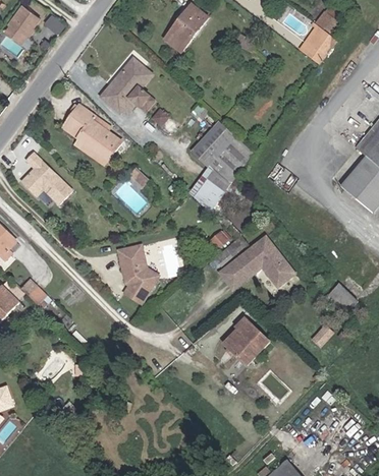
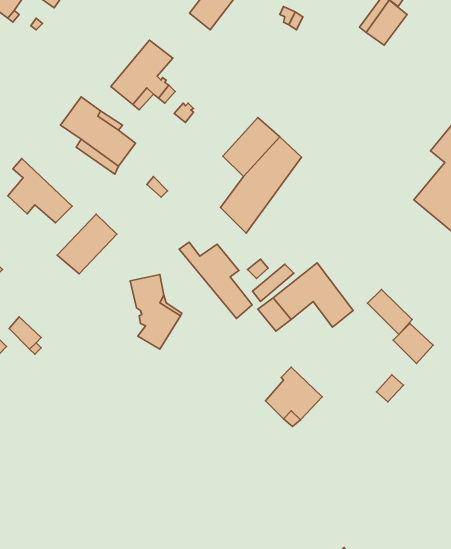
building: none -> [57,214,117,274]
building: none -> [179,242,252,319]
building: none -> [368,290,412,335]

